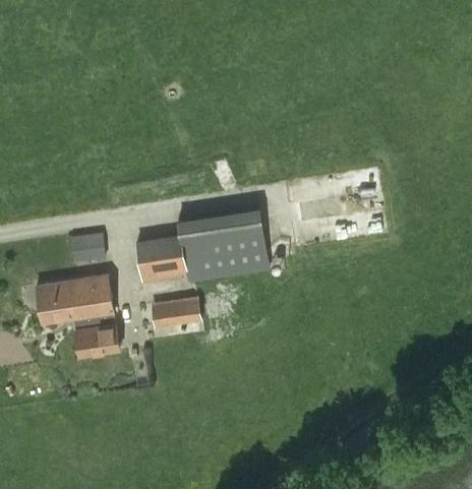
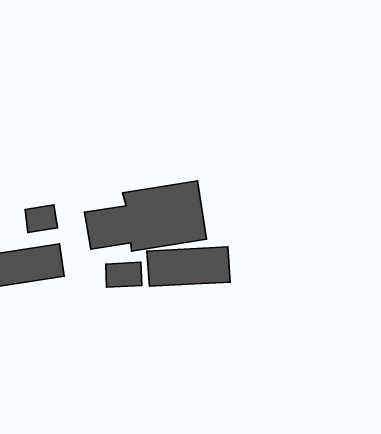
building: none -> [147,247,230,286]
building: [72,312,118,356] -> none

